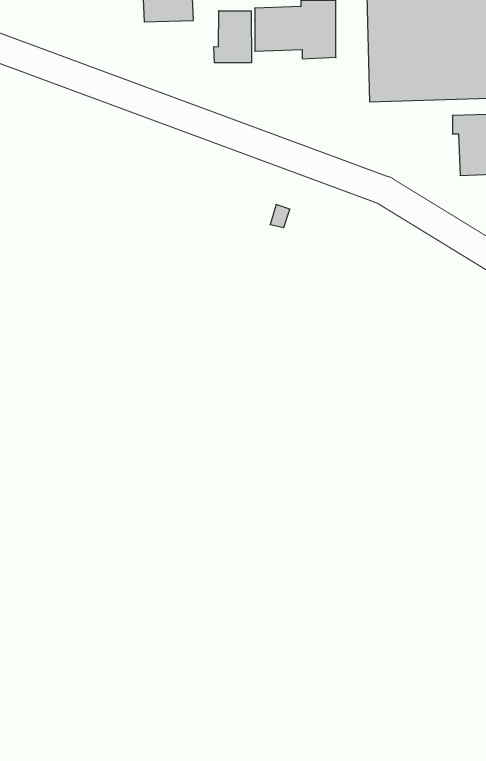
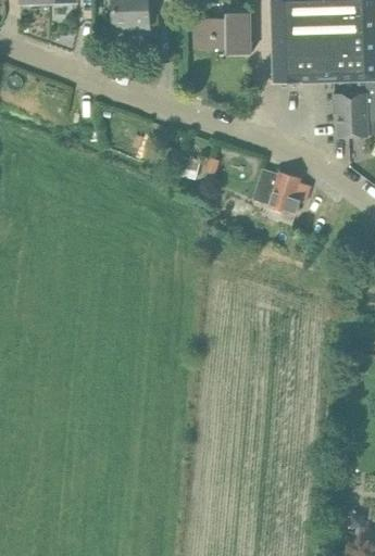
building: [214,11,251,63] -> none
building: none -> [254,168,310,215]

